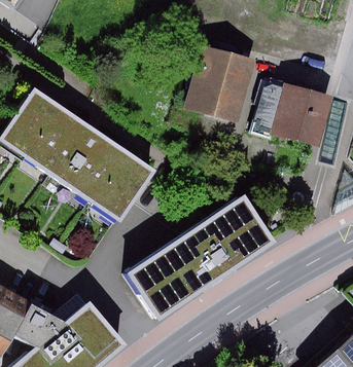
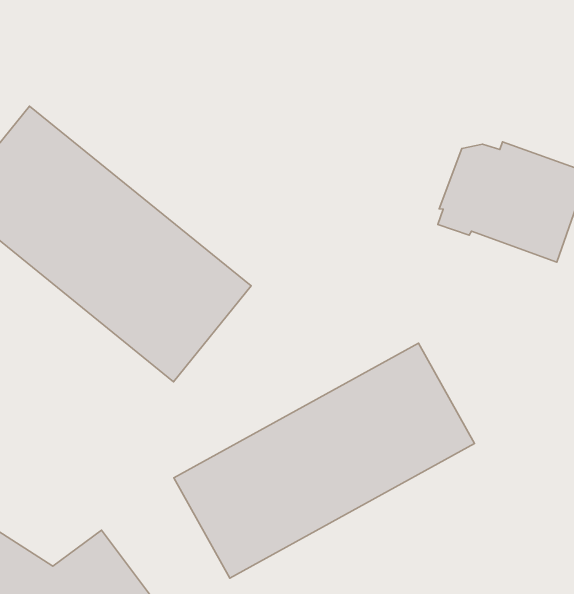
building: [179,45,251,123] -> none

